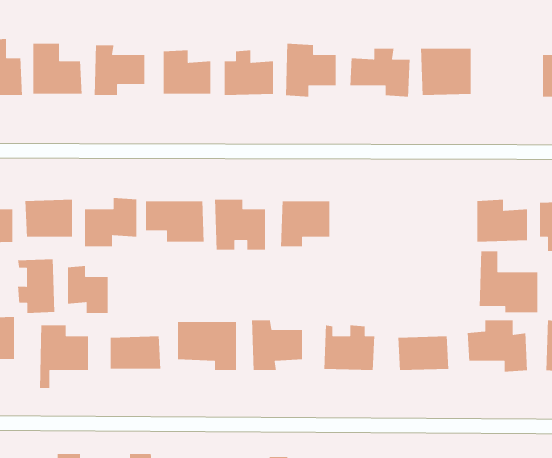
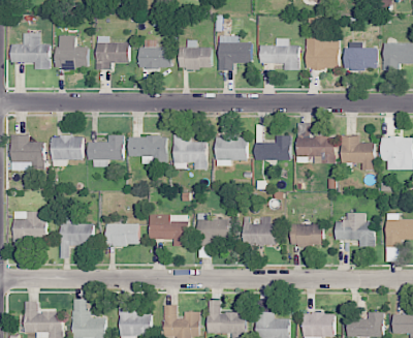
building: none -> [344,41,376,69]
building: none -> [255,135,290,160]
building: [479,251,538,313] -> [296,123,335,163]
building: [17,259,55,314] -> none
building: [67,265,109,314] -> none

